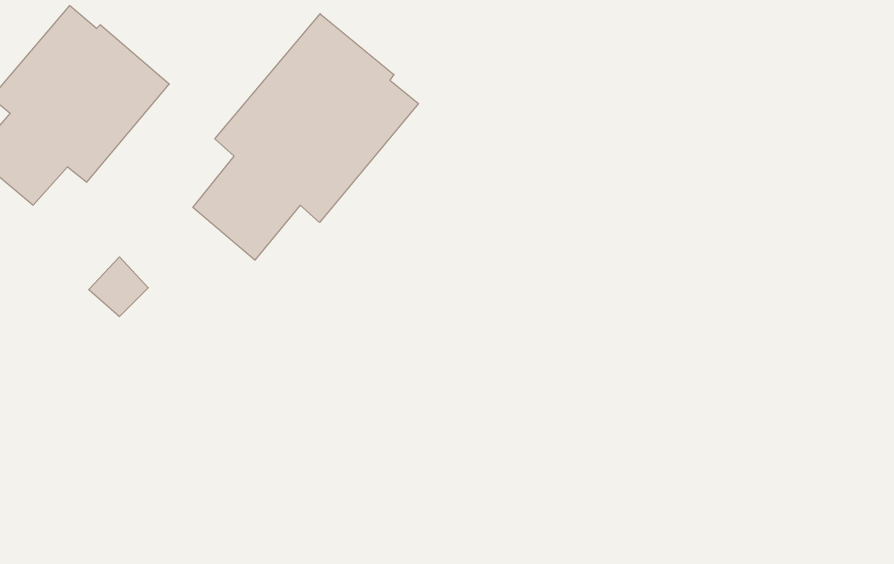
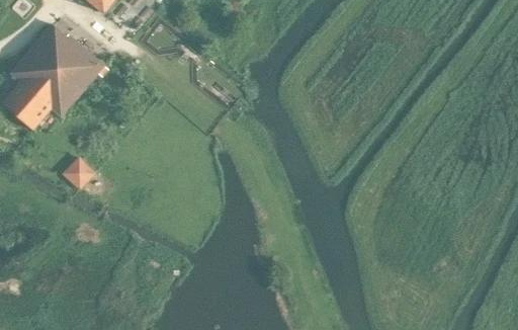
building: [193,14,418,260] -> none

